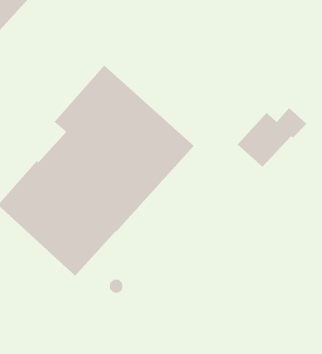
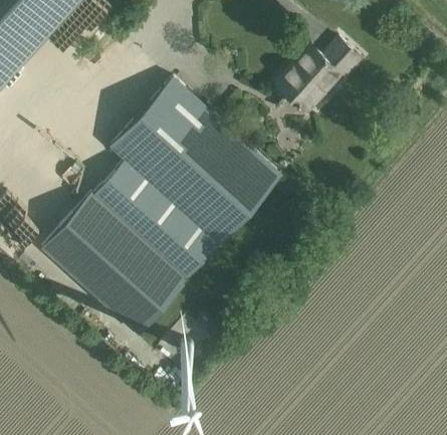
building: [237,107,307,168] -> [277,37,363,111]

